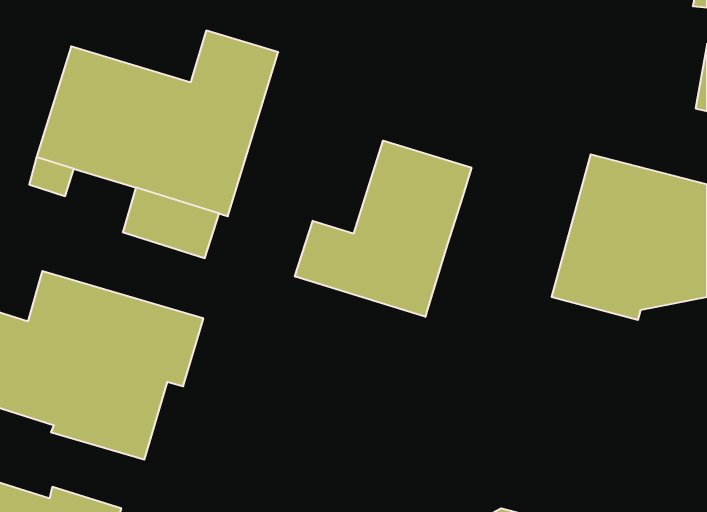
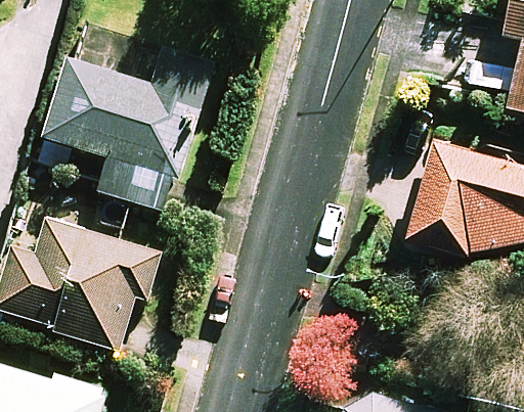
building: [295,141,471,317] -> none

